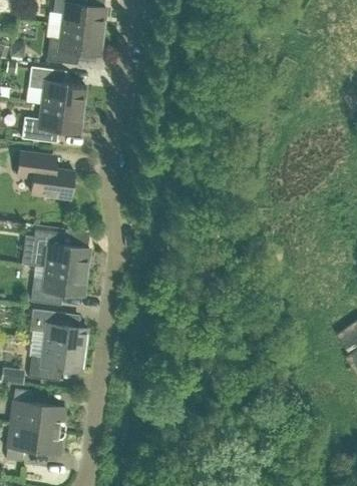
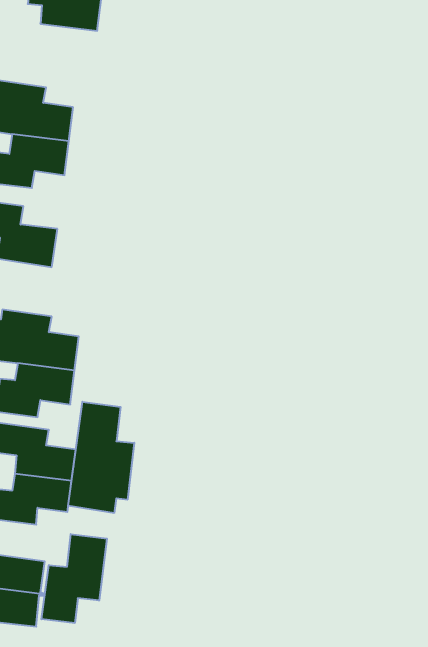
building: [46,26,102,64] -> none
building: none -> [68,402,134,513]
building: none -> [41,534,107,623]

